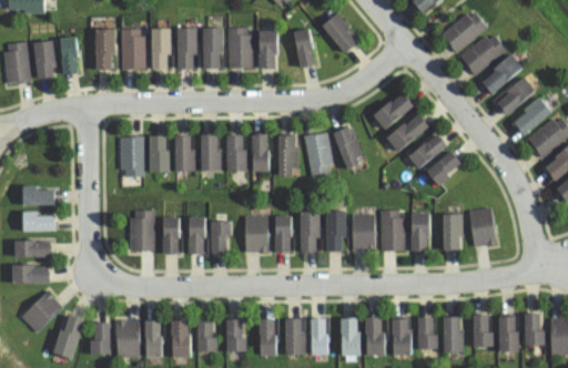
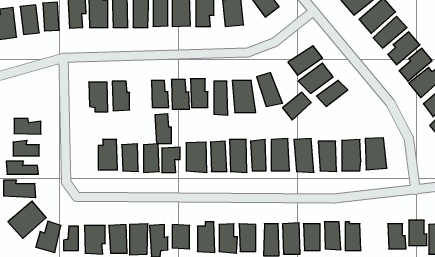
building: [173,135,194,173] -> [155,114,171,144]
building: [427,152,464,187] -> [283,92,311,120]
building: [473,315,497,347] -> none

